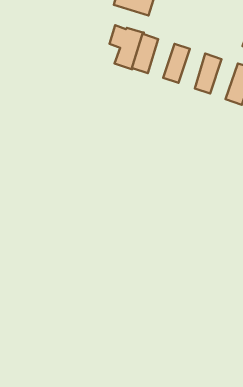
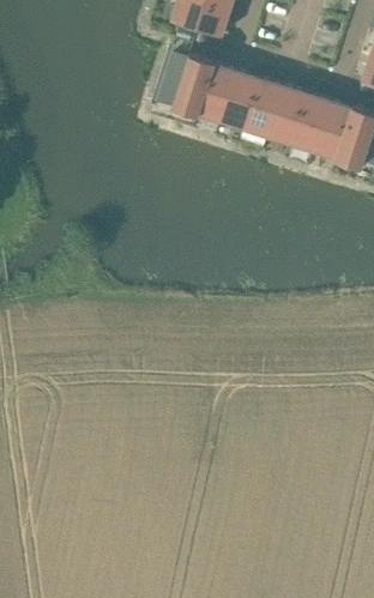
building: none -> [219,72,259,129]
building: none -> [265,86,304,145]
building: none -> [312,102,352,161]

